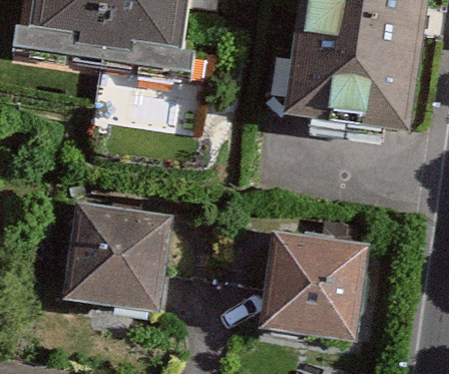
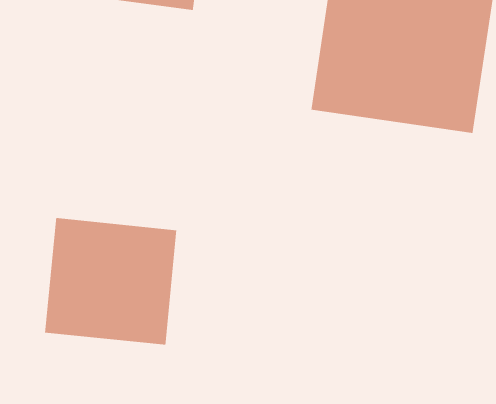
building: [253,232,369,340] -> none

